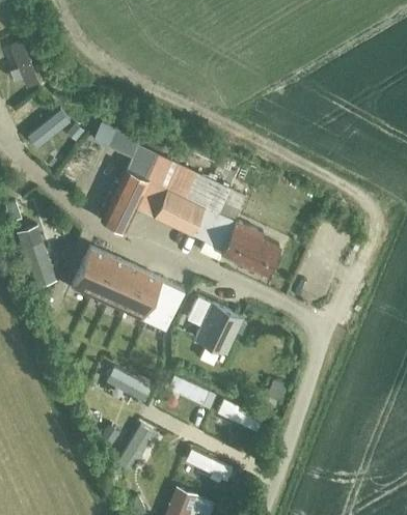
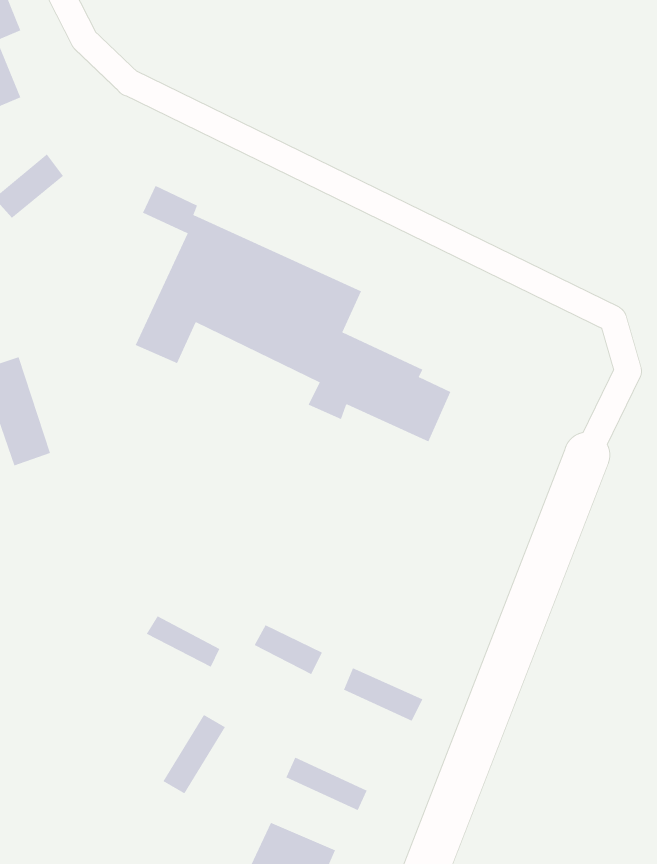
building: [72,245,185,331] -> none
building: [187,296,246,352] -> none

